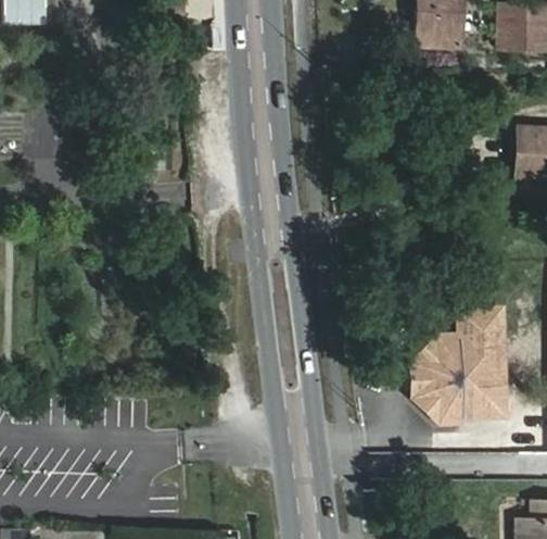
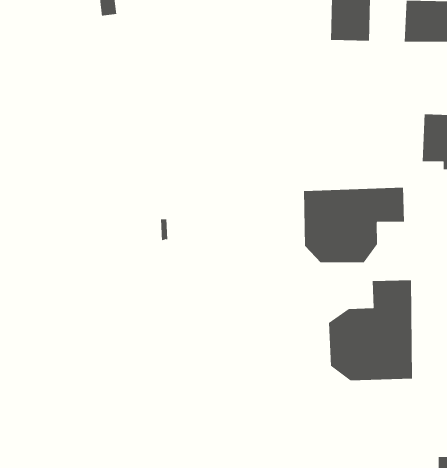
building: none -> [304,187,405,263]

